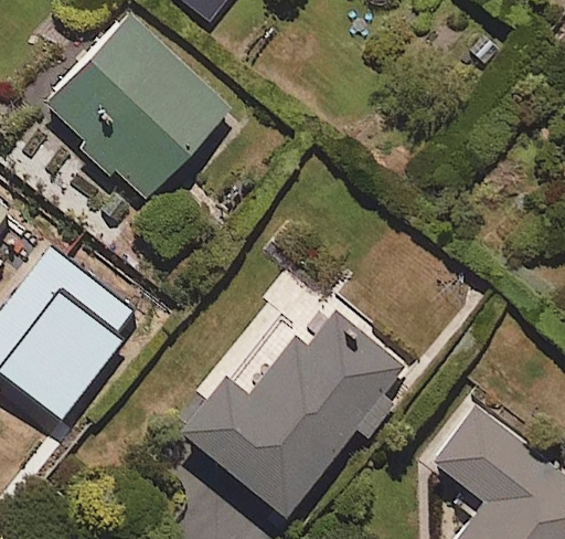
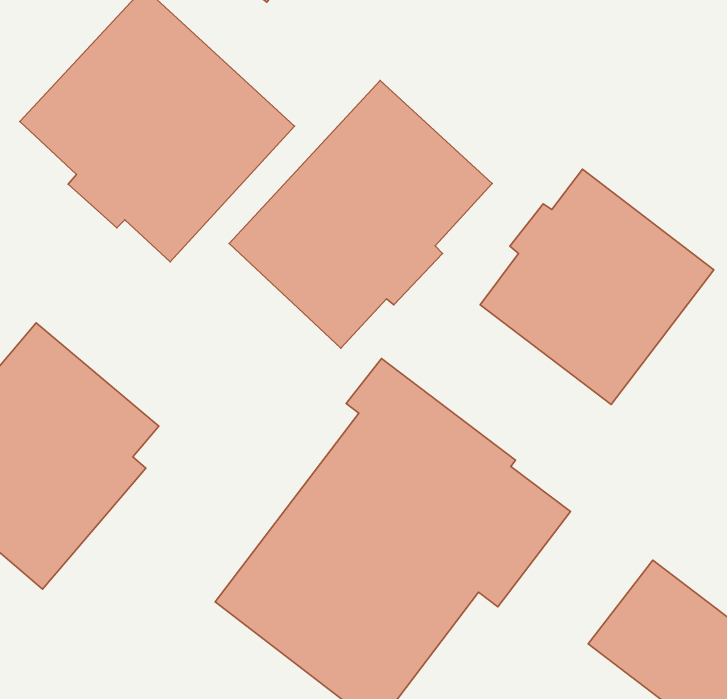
building: none -> [229,80,492,348]
building: none -> [480,169,714,404]

